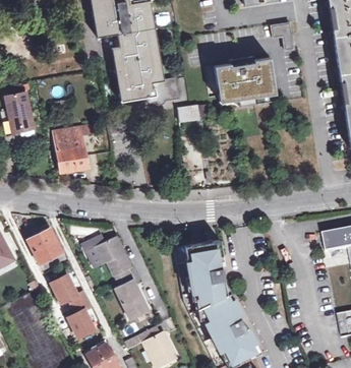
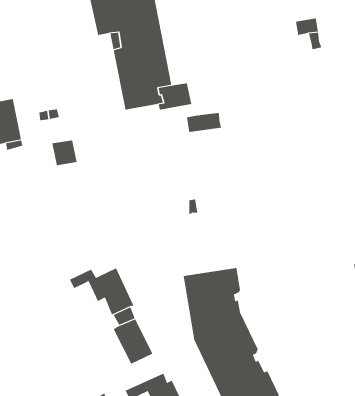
building: [214,55,277,109] -> none
building: [52,129,87,173] -> none
building: [27,229,61,263] -> none
building: [50,274,94,338] -> none

